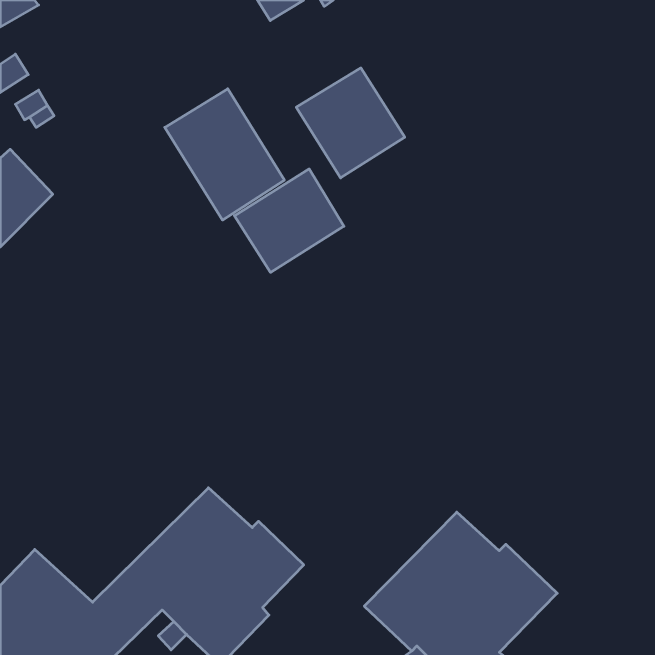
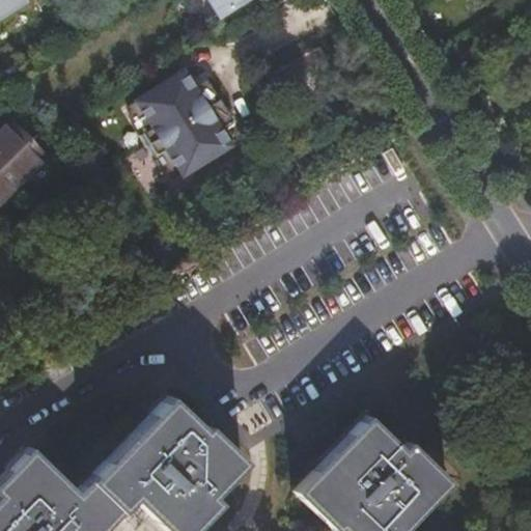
building: [296,68,405,178] -> none
building: [234,169,344,272] -> none

